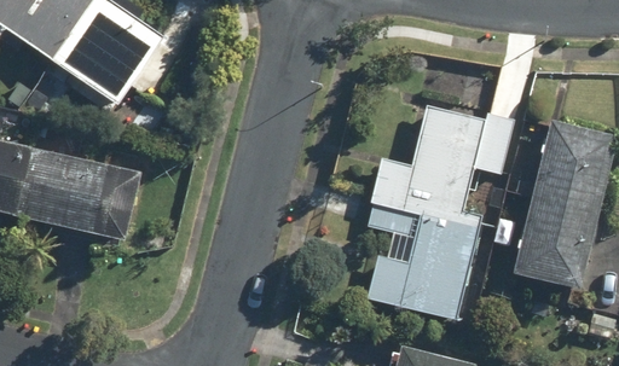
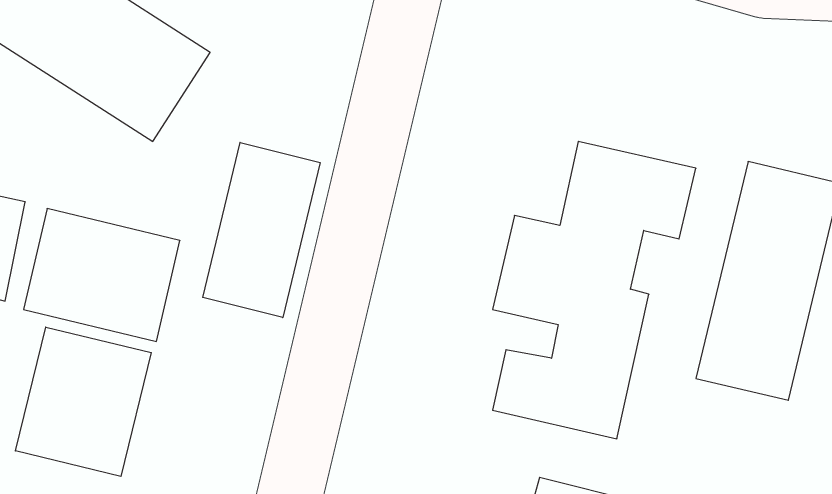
building: none -> [203,142,320,318]
building: none -> [15,327,151,476]

